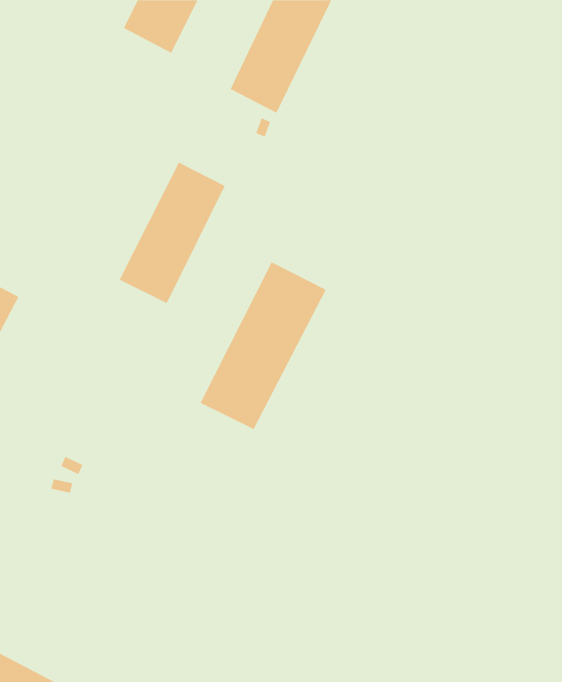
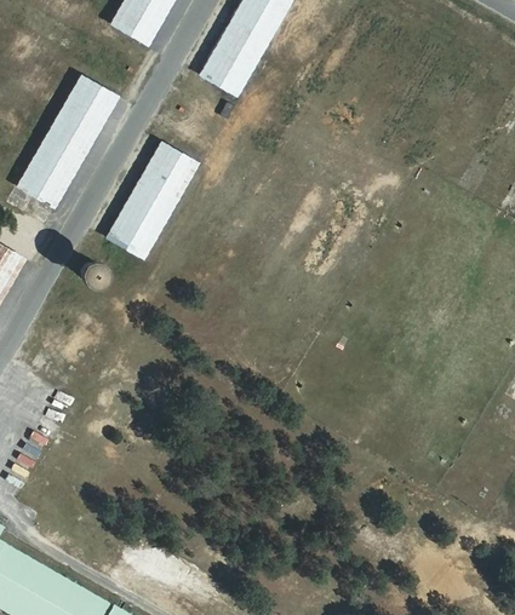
building: none -> [17,71,119,208]
building: [200,261,327,430] -> none

